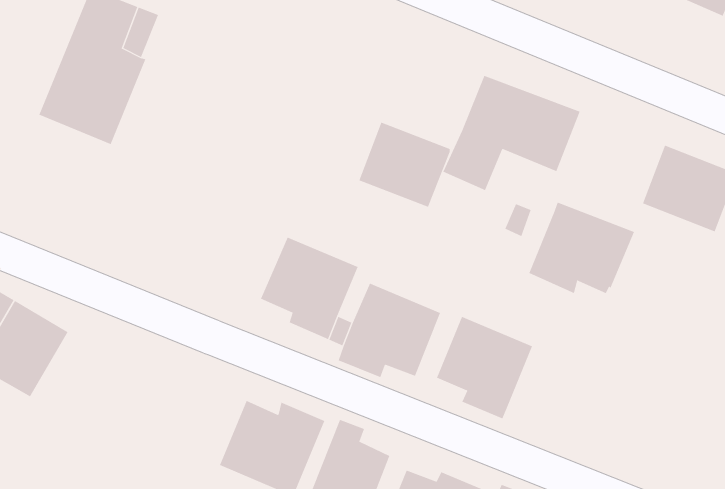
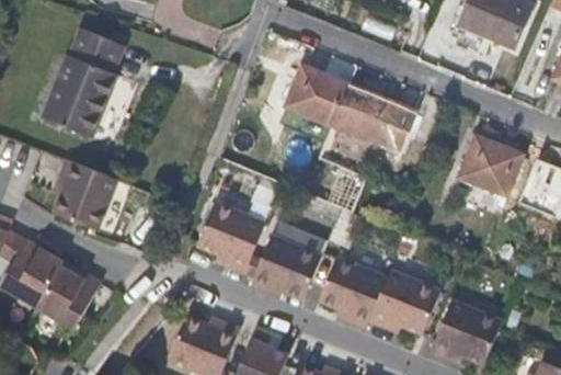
building: [359,122,451,207] -> [286,67,350,126]
building: none -> [51,157,117,230]
building: [529,202,635,294] -> [366,269,439,332]
building: none -> [36,265,102,332]
building: none -> [430,295,502,359]

